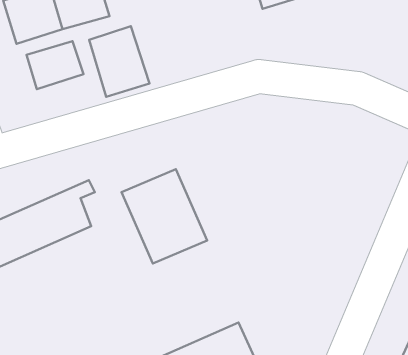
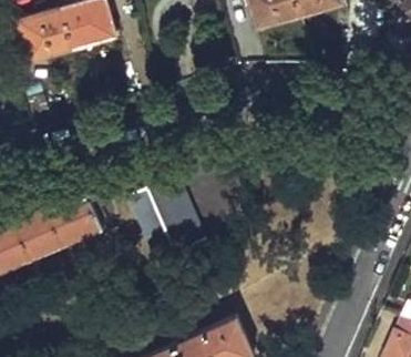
building: [89,26,149,97] -> none
building: [26,41,83,89] -> none

